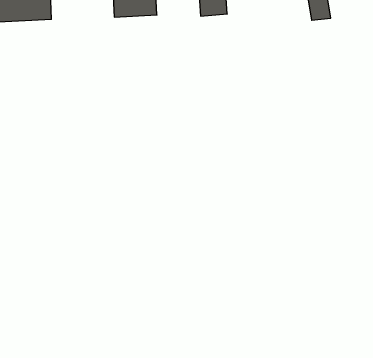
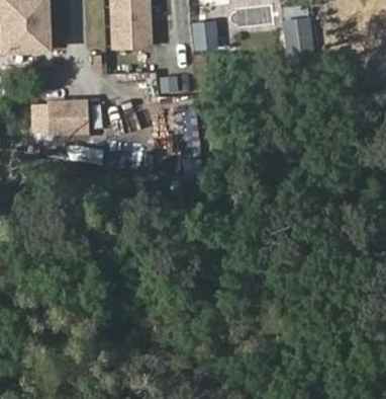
building: none -> [51,101,89,131]

